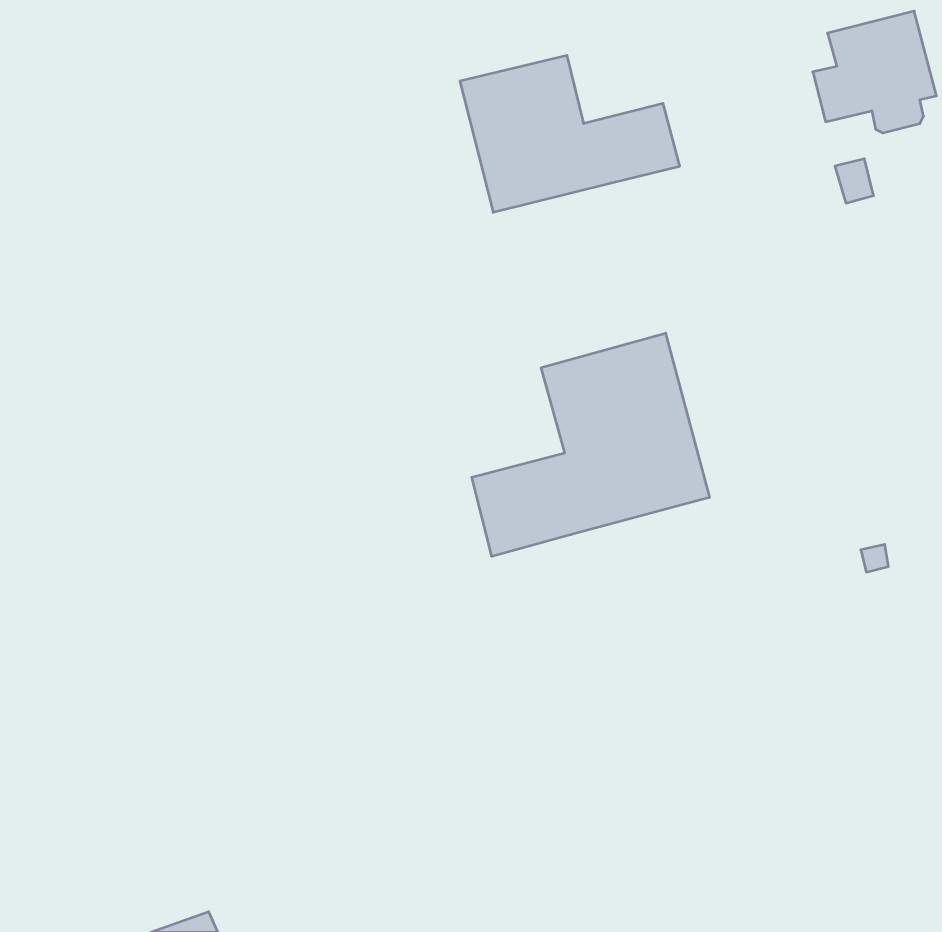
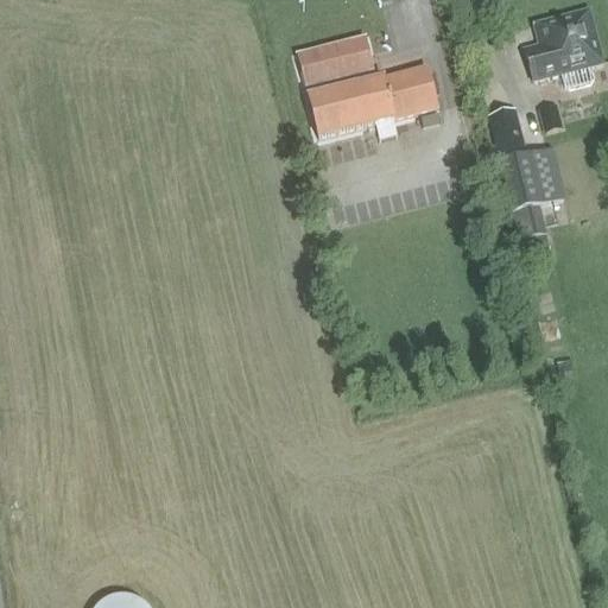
building: none -> [487,106,566,256]
building: [472,333,709,556] -> none

